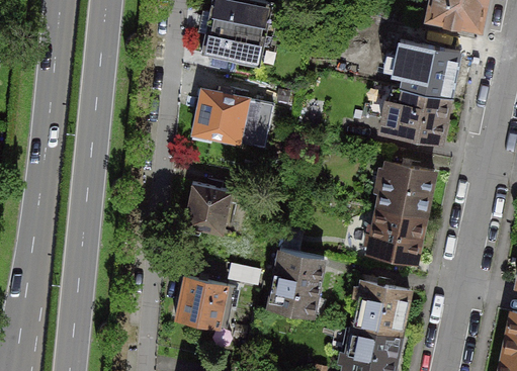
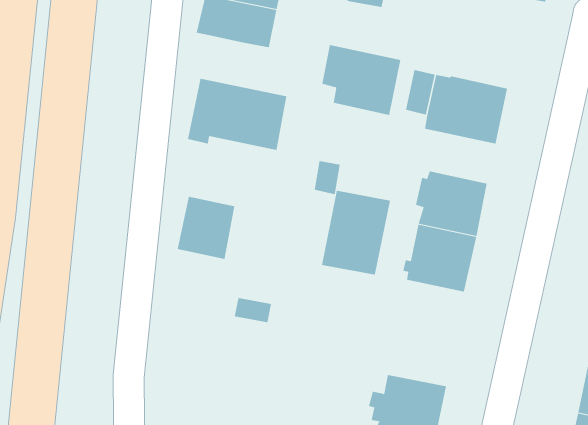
building: [395,41,458,98] -> [321,45,401,116]
building: [268,249,324,316] -> [321,190,391,275]
building: [177,280,236,327] -> none
building: [353,282,410,336] -> none

